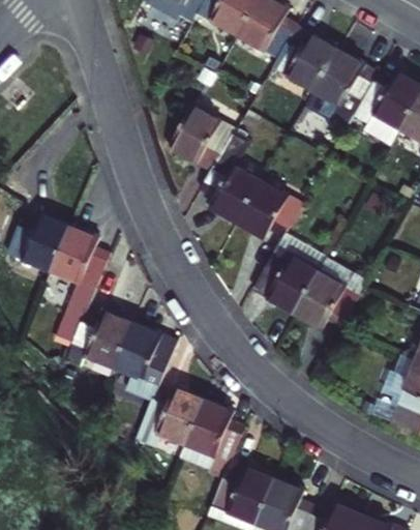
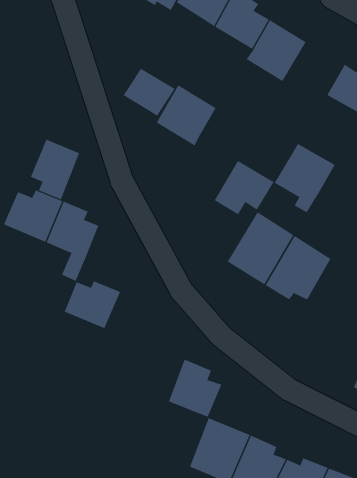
building: [311,51,379,127] -> [274,143,336,213]
building: none -> [123,68,175,117]
building: [204,155,262,224] -> none
building: none -> [30,139,80,200]
building: [117,324,176,383] -> none
building: [141,387,204,444] -> none

